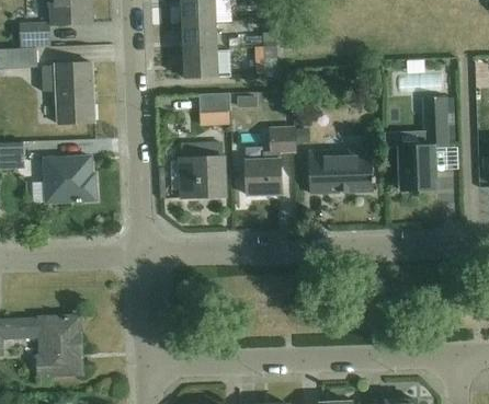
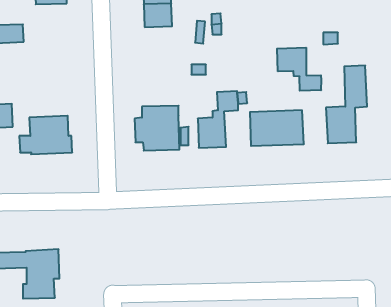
building: [20,23,49,47] -> none
building: [183,49,229,78] -> none
building: [42,61,94,124] -> none
building: none -> [277,48,321,91]
building: [200,93,229,124] -> none

